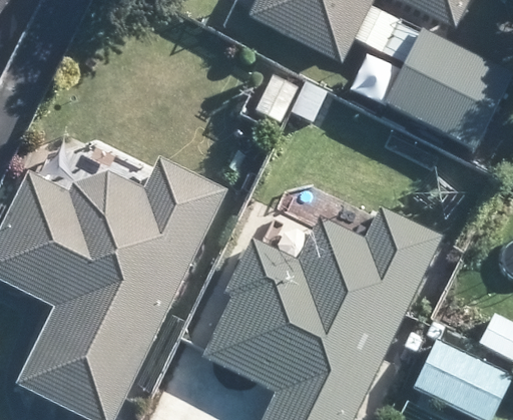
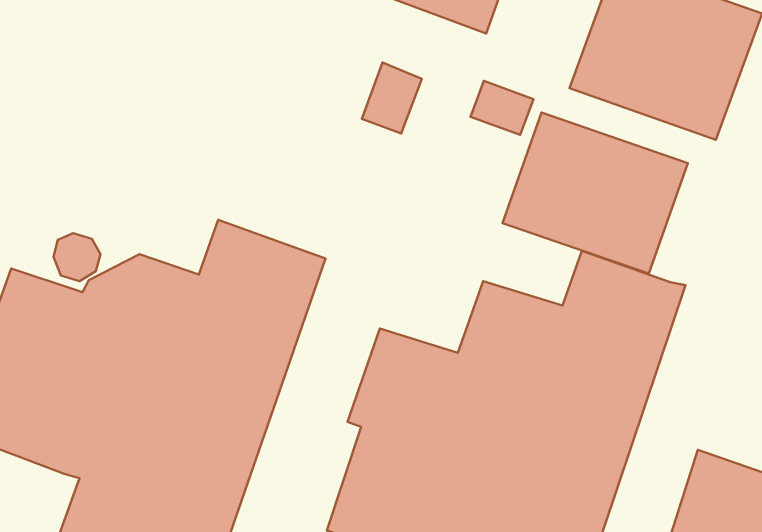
building: none -> [502,112,688,274]

